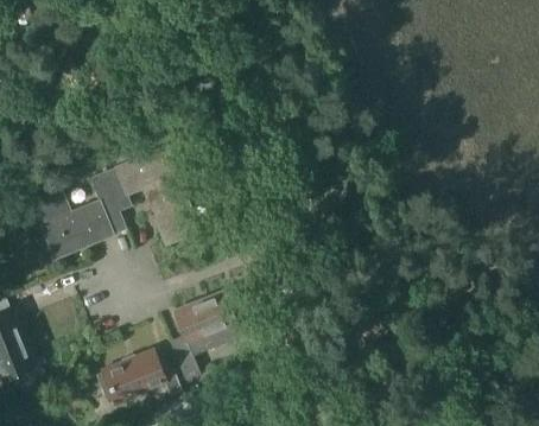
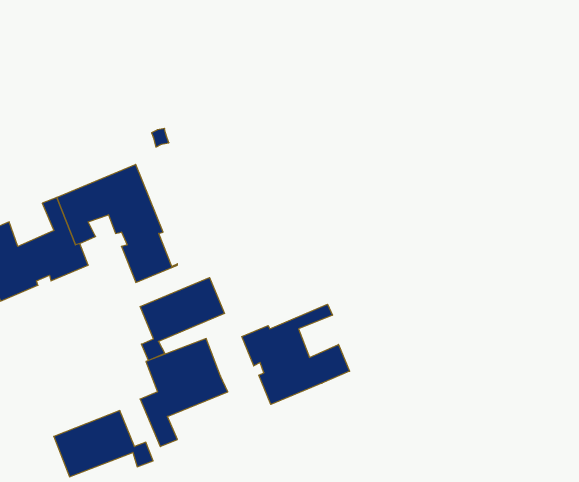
building: none -> [140,278,225,361]
building: none -> [242,304,350,404]

